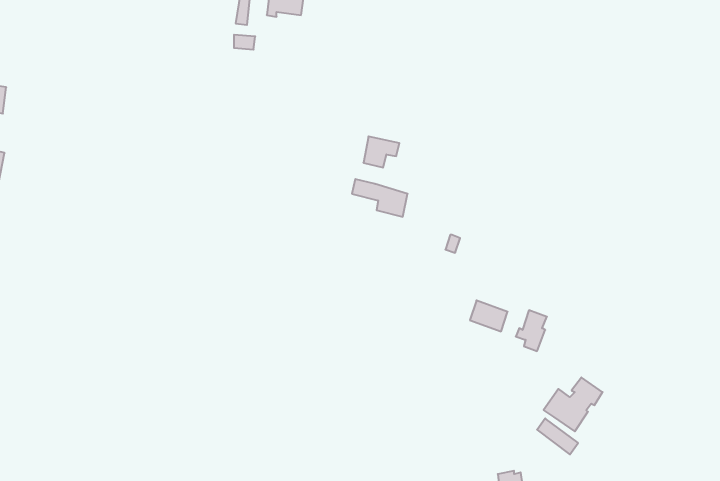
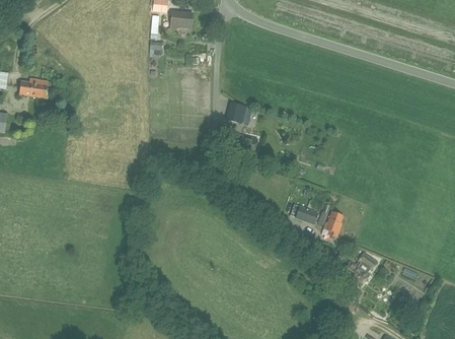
building: none -> [19,80,47,97]

